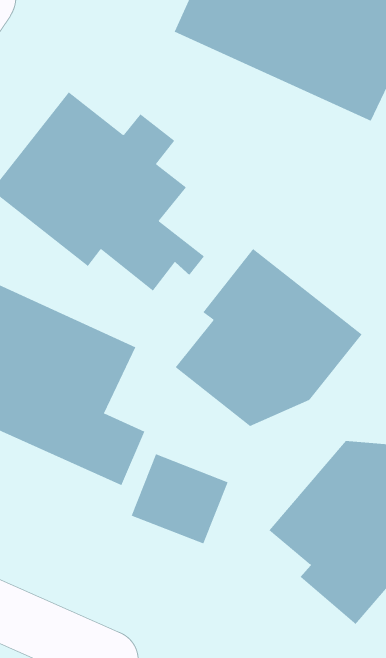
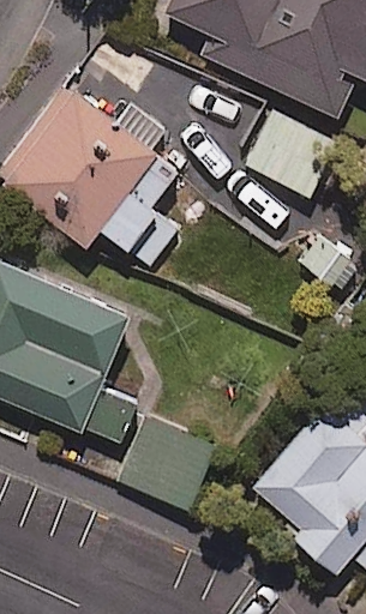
building: [175,248,362,427] -> none

